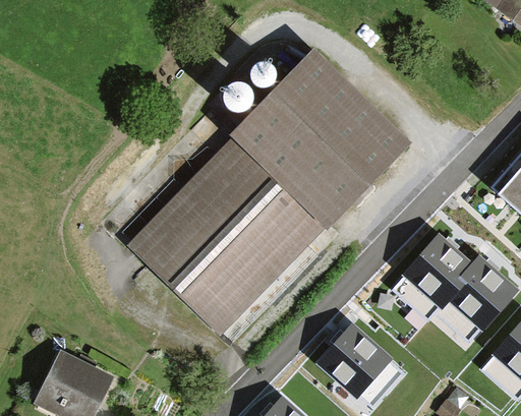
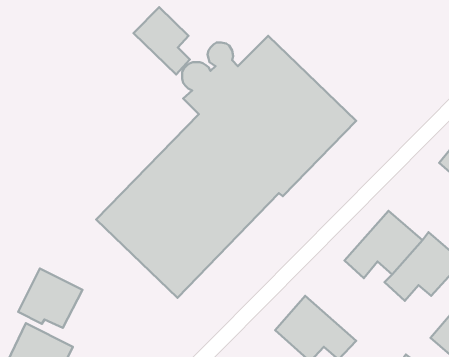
building: none -> [134,7,190,75]
building: none -> [18,269,82,328]

